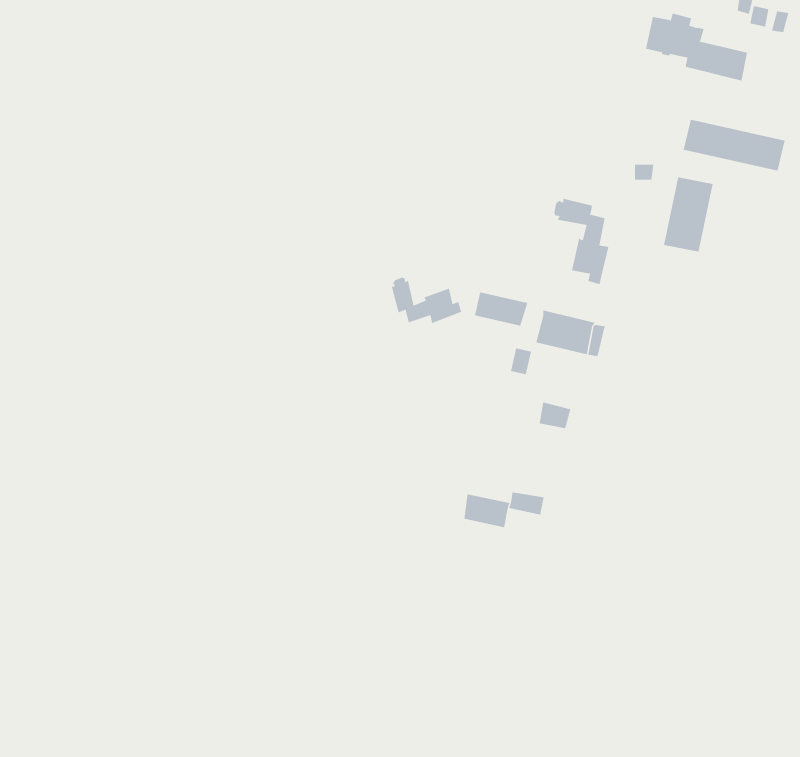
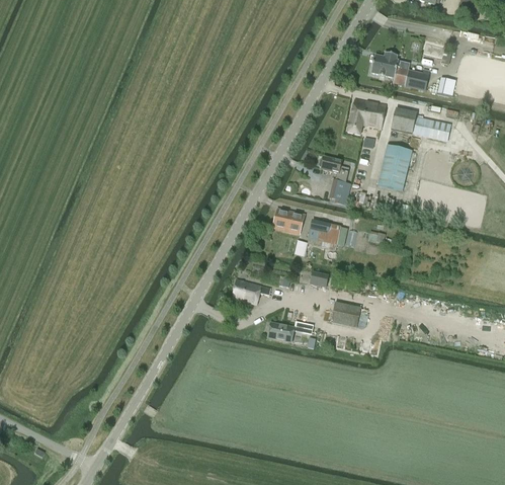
building: none -> [347,98,387,134]
building: [391,277,462,324] -> none
building: none -> [232,278,271,304]
building: none -> [331,302,361,326]

